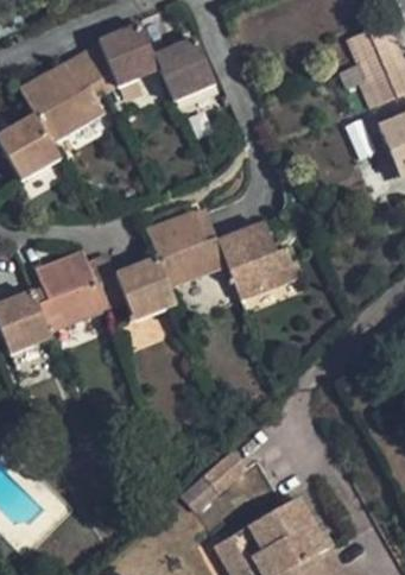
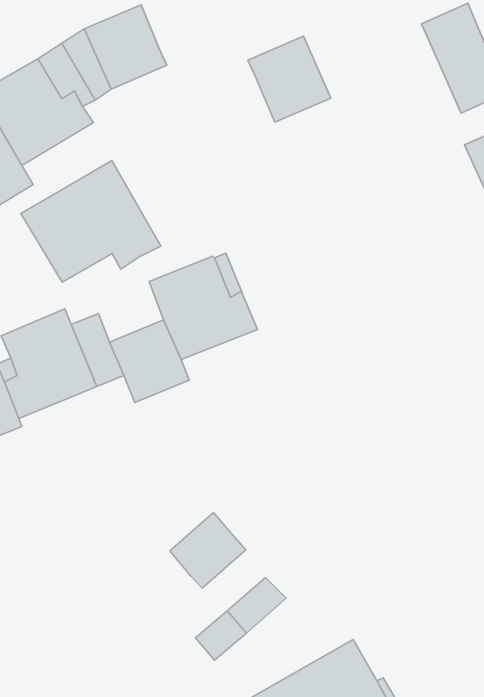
building: [152,37,214,101] -> [248,36,331,122]
building: none -> [21,160,161,282]
building: [215,221,297,299] -> none
building: none -> [170,512,246,588]

